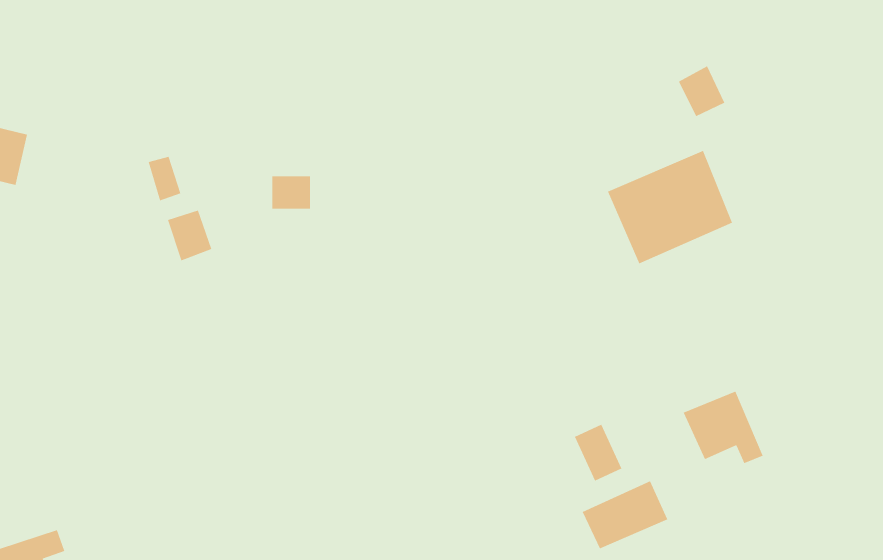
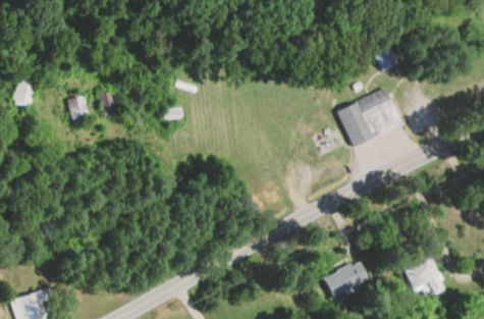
building: [167,210,212,261] -> [66,96,90,122]
building: [683,391,763,464] -> [400,255,442,293]
building: [574,424,622,481] -> none

